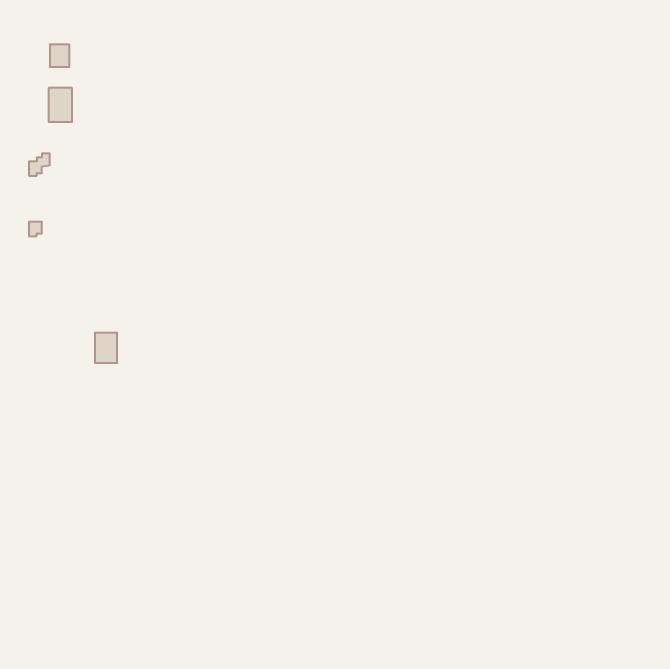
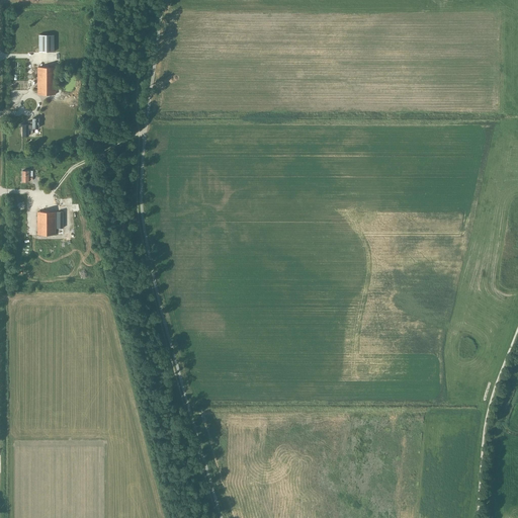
building: [95,333,117,363] -> [37,212,55,236]

